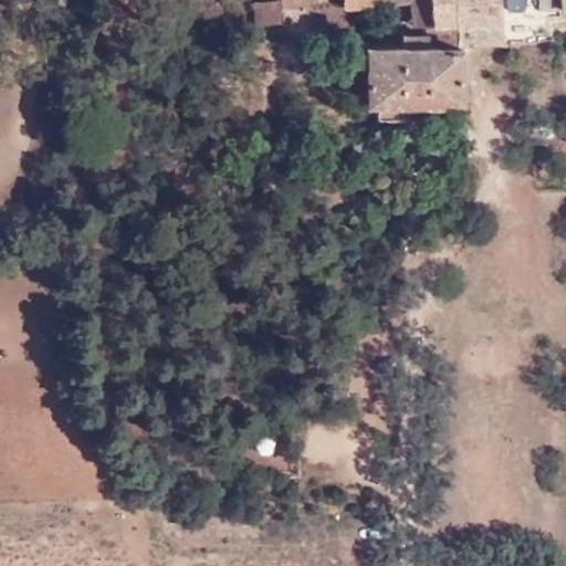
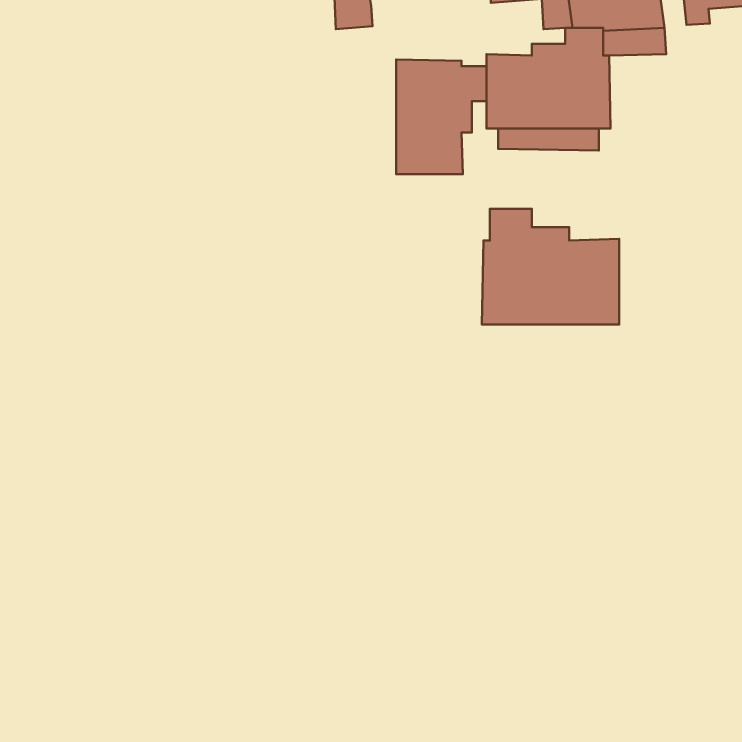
building: none -> [396,59,486,174]
building: none -> [482,209,619,325]

